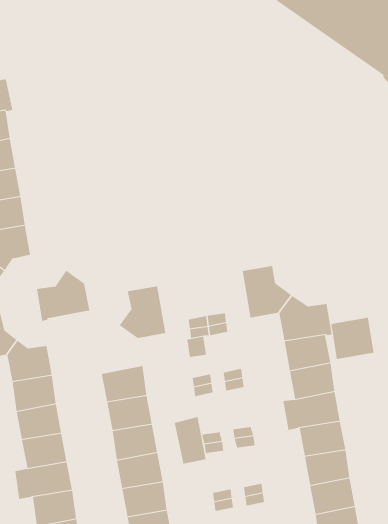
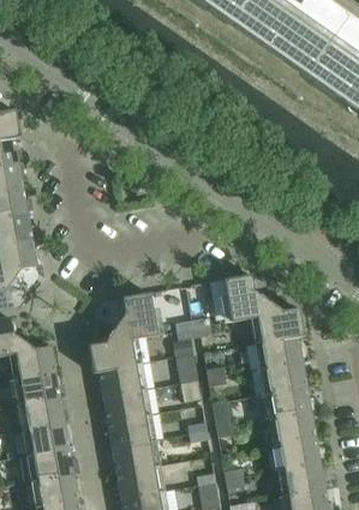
building: [36,270,90,321] -> [88,328,136,373]
building: [331,317,374,360] -> none
building: [174,416,206,464] -> none

